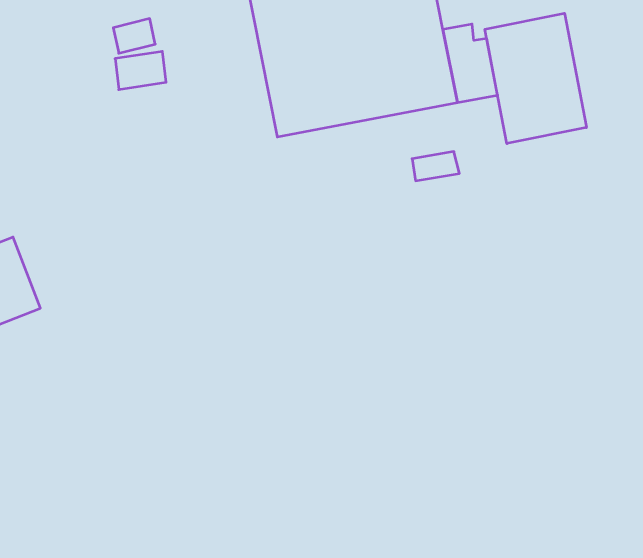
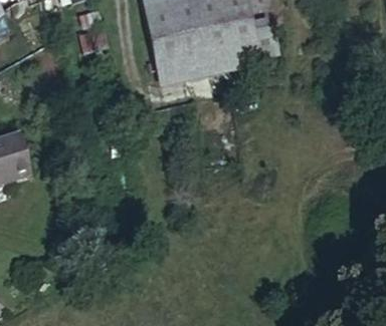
building: [485,13,586,144] -> none

